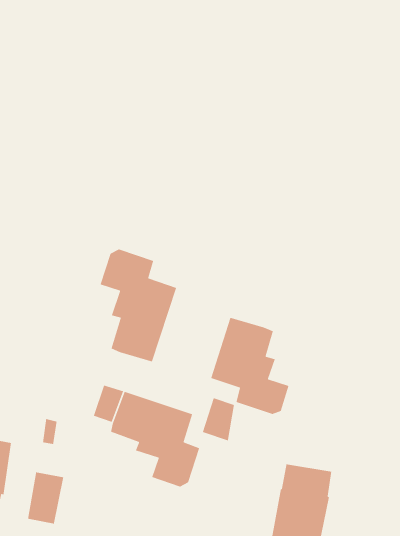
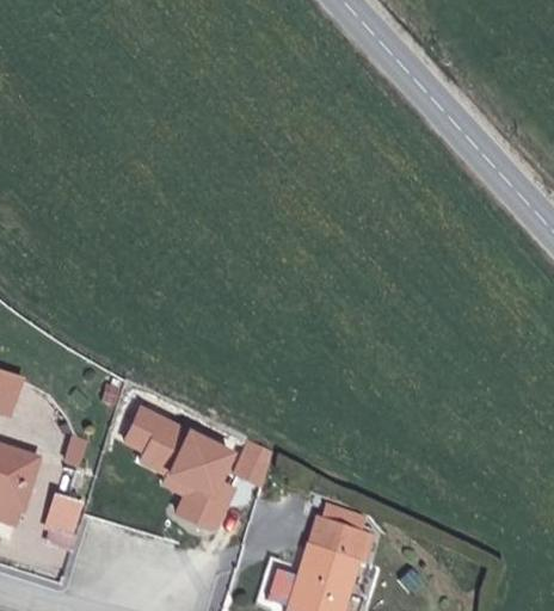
building: [99,248,177,362] -> none
building: [210,317,290,415] -> none

